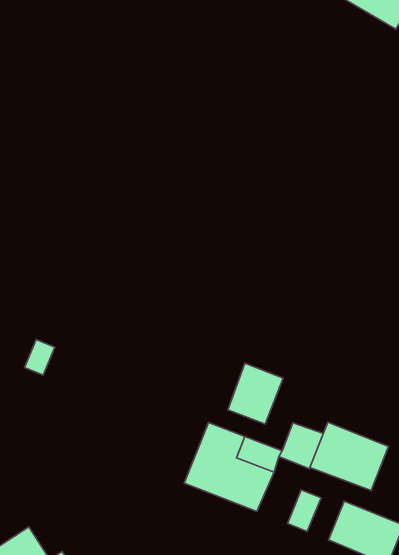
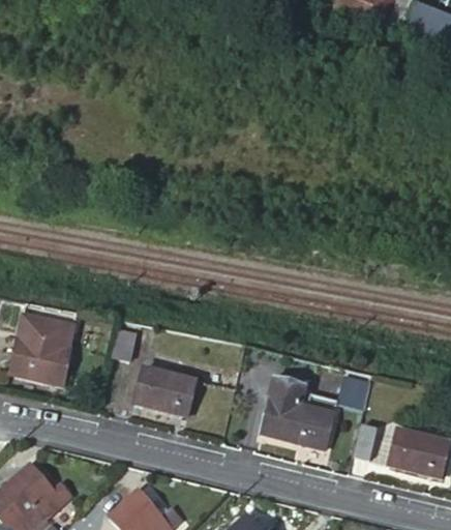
building: [228,363,283,424] -> none
building: none -> [133,367,196,414]
building: [310,422,389,491] -> none

